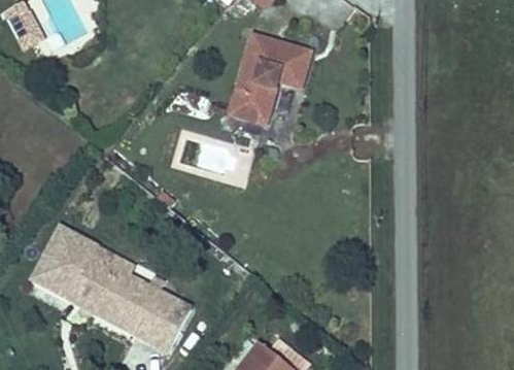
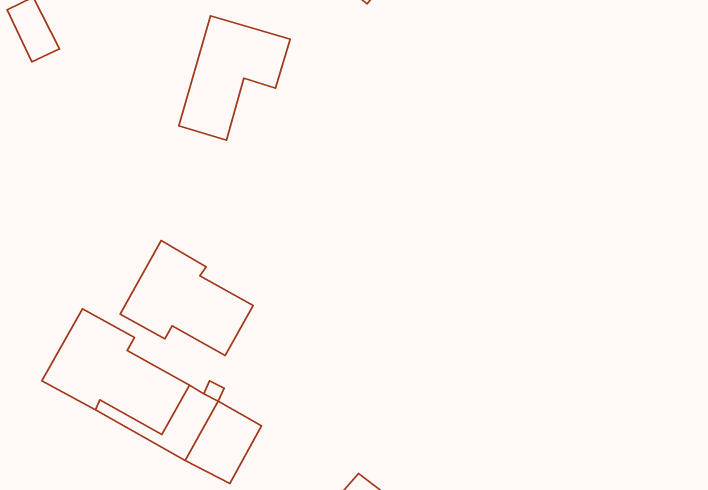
building: [231,34,310,123] -> [179,16,290,140]
building: none -> [120,241,253,355]

